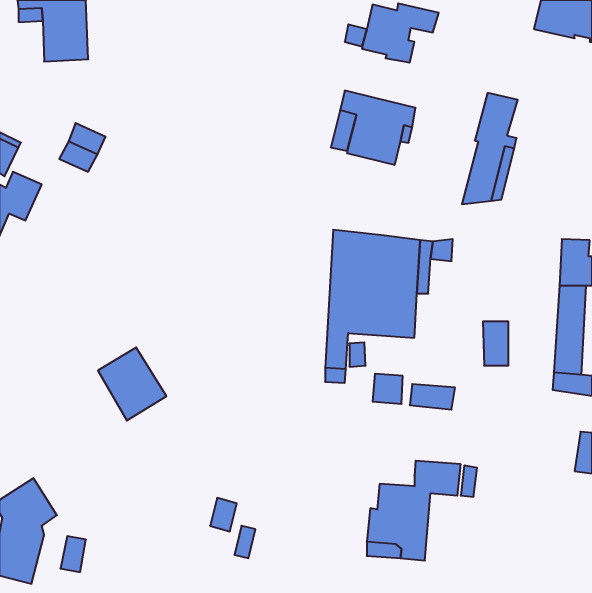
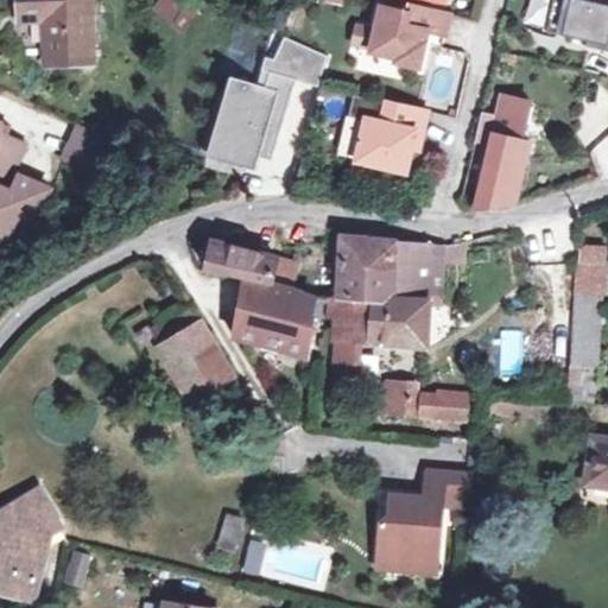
building: none -> [217,32,328,165]
building: none -> [205,242,314,355]
building: [98,347,166,421] -> [159,324,229,399]

